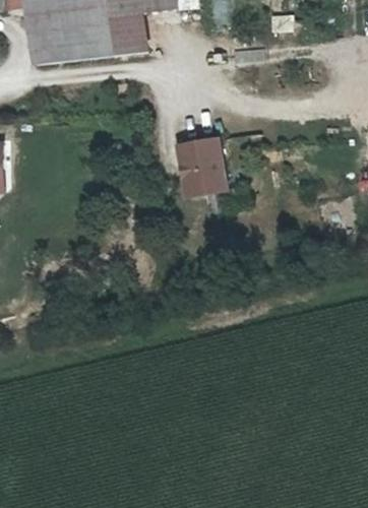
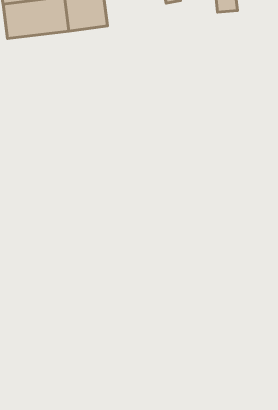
building: [180,137,228,194] -> none

